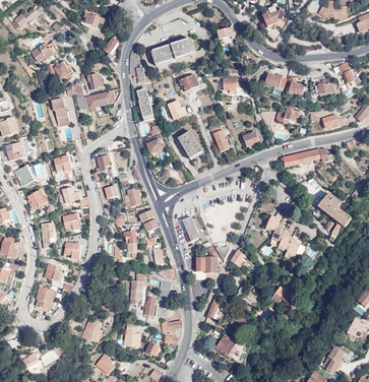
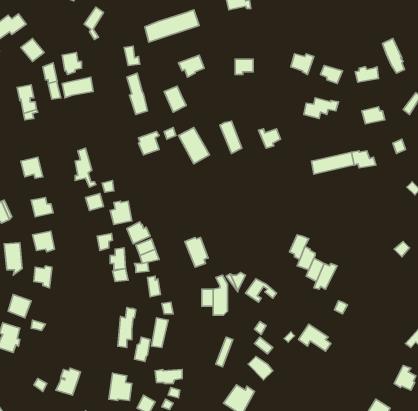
building: [318,193,352,227] -> none

